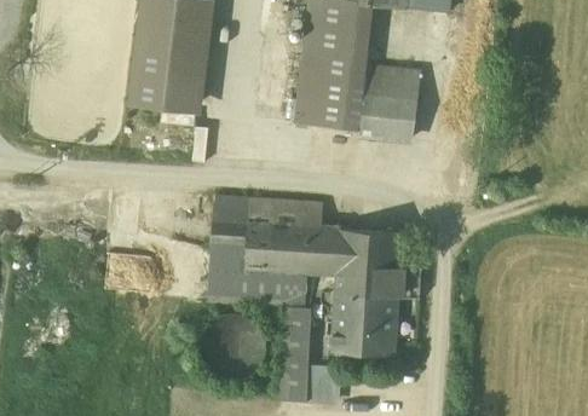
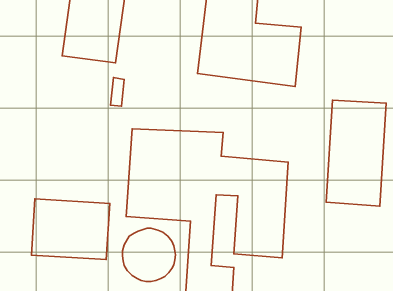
building: none -> [326,100,386,206]
building: none -> [32,199,110,260]

